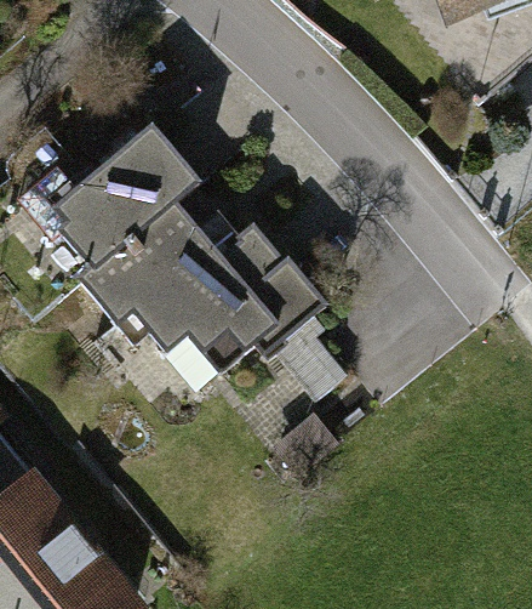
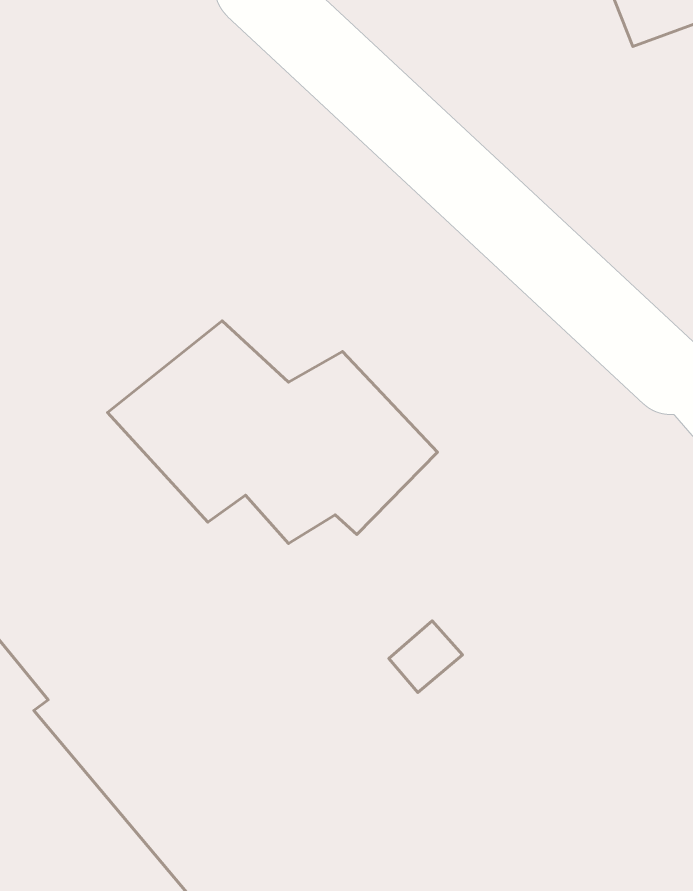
building: [40,93,235,280] -> none

